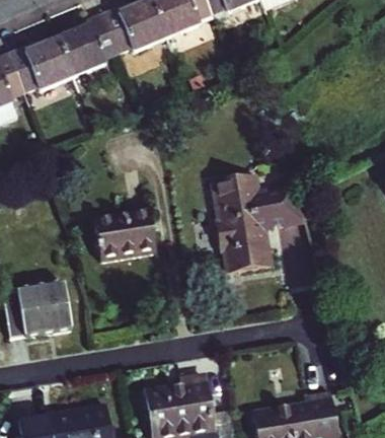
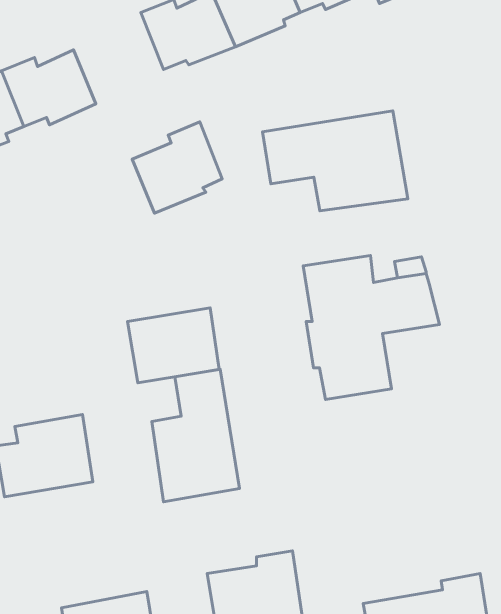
building: [58,11,119,73] -> [132,122,222,213]
building: none -> [262,111,408,211]
building: none -> [152,369,240,502]

